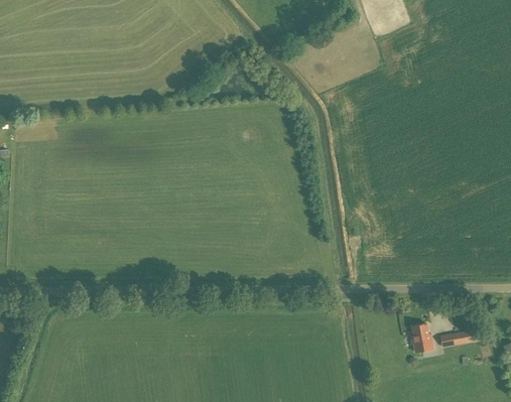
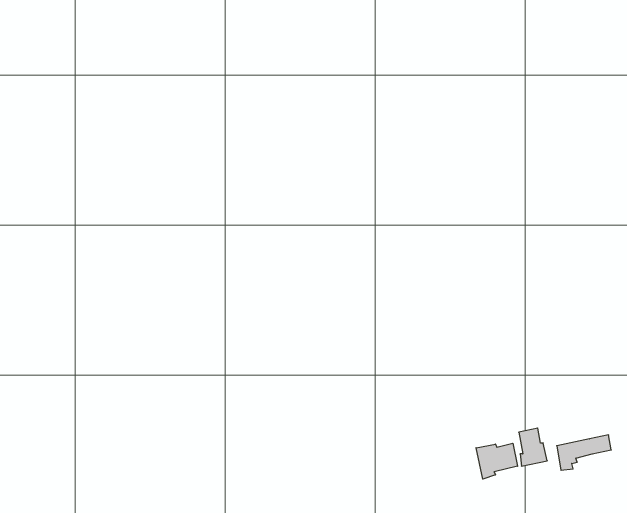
building: none -> [476,443,518,479]

